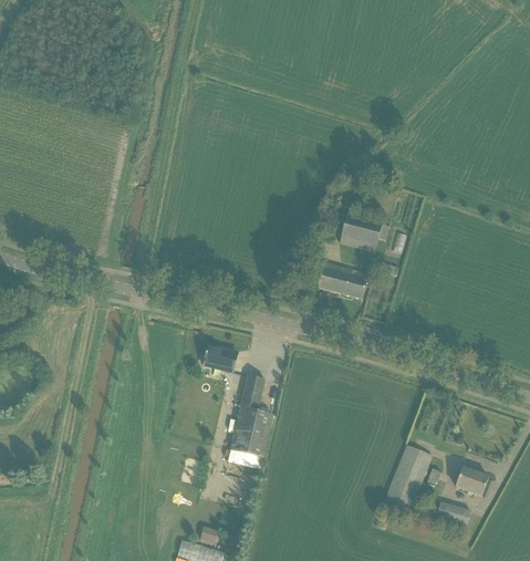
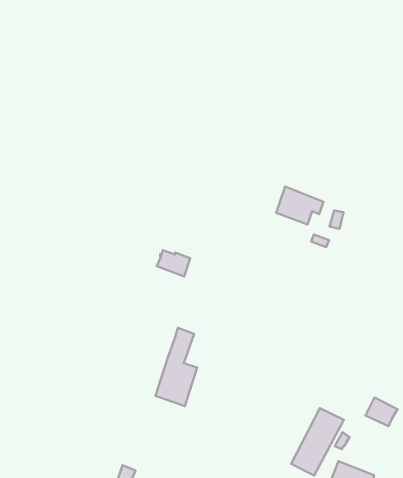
building: [319,260,368,298] -> none
building: [204,346,238,372] -> [157,250,190,276]
building: [456,466,489,495] -> [365,398,397,426]

